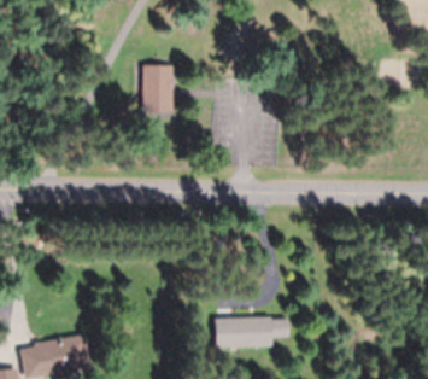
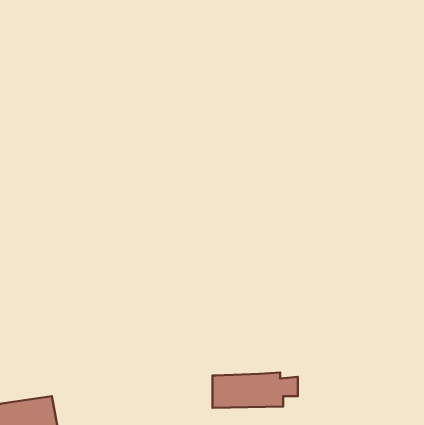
building: [142,65,172,112] -> none

